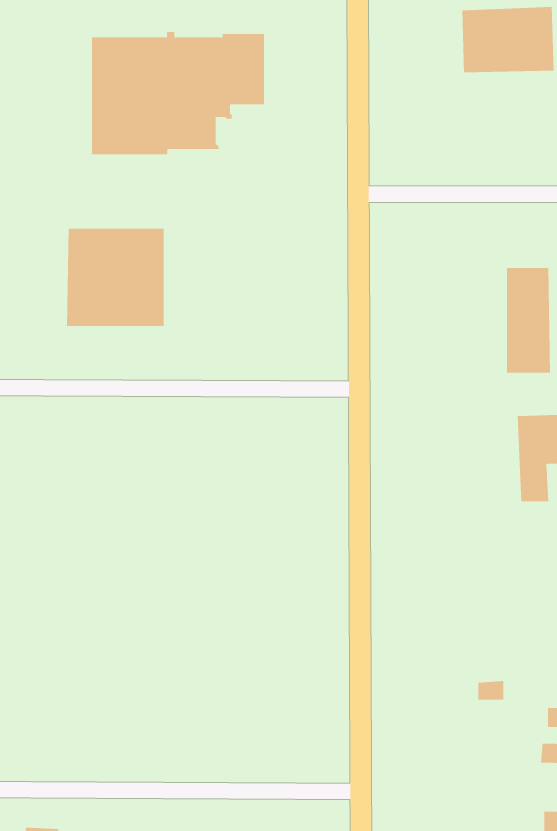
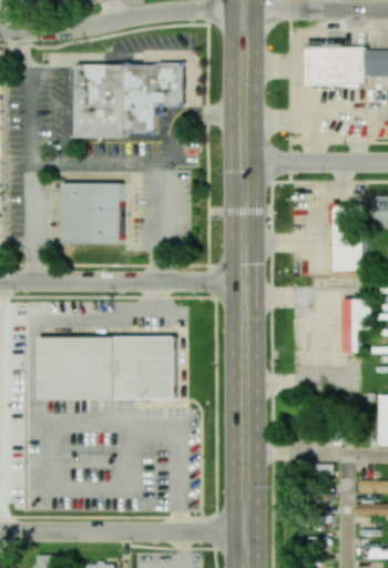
building: none -> [38,336,175,399]

